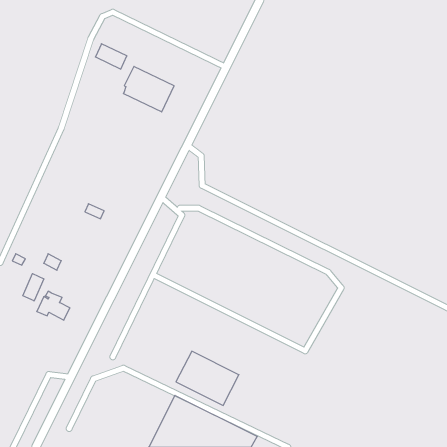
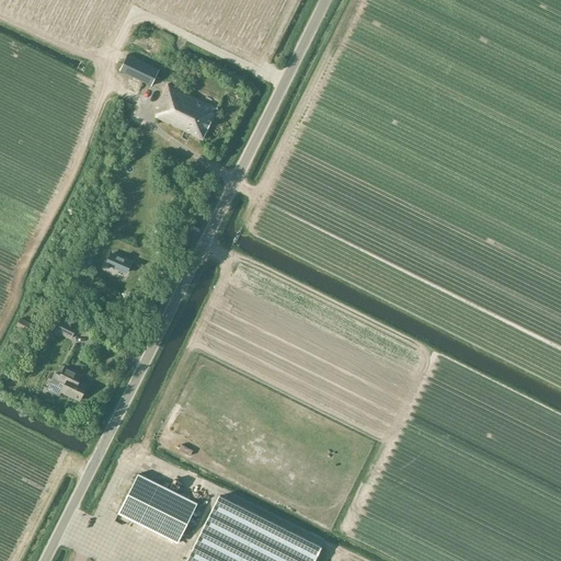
building: [23,274,44,301] -> none
building: [176,351,239,405] -> [118,474,197,542]

